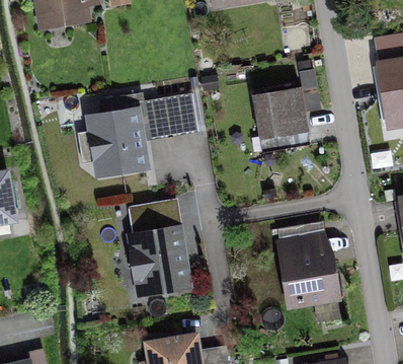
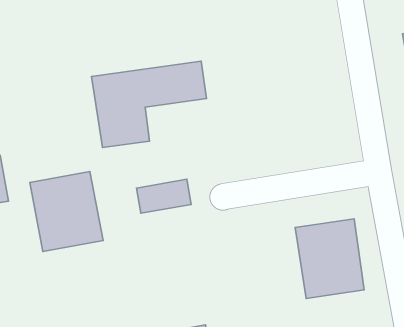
building: [253,88,309,140] -> none
building: [127,227,194,301] -> [30,172,103,251]

